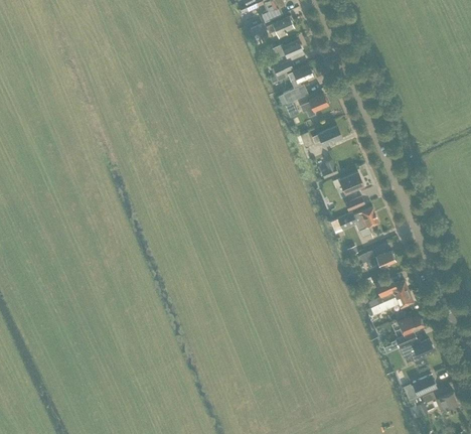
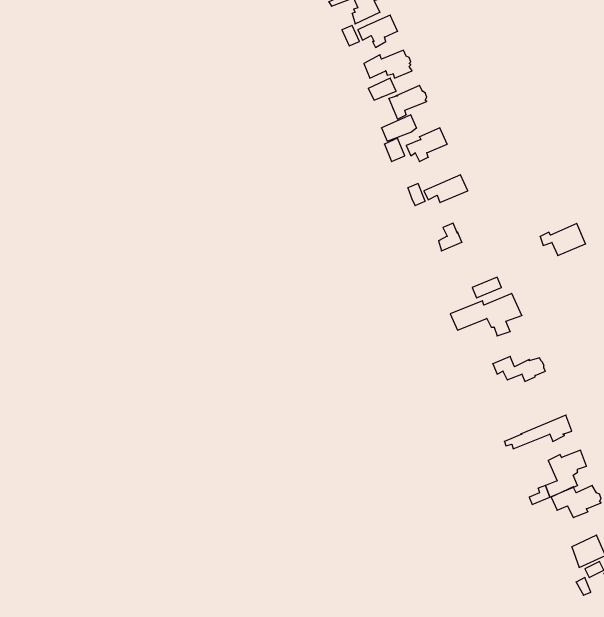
building: [332,171,363,193] -> [540,223,586,256]
building: [373,278,409,303] -> none

